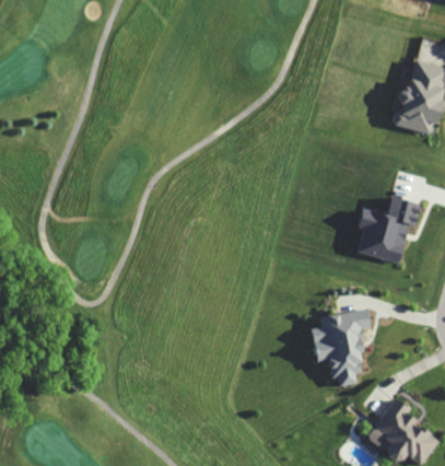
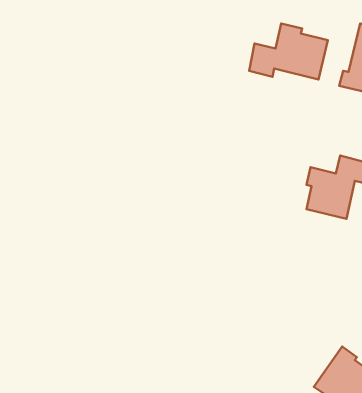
building: none -> [249,24,328,80]
building: [309,307,372,385] -> none

